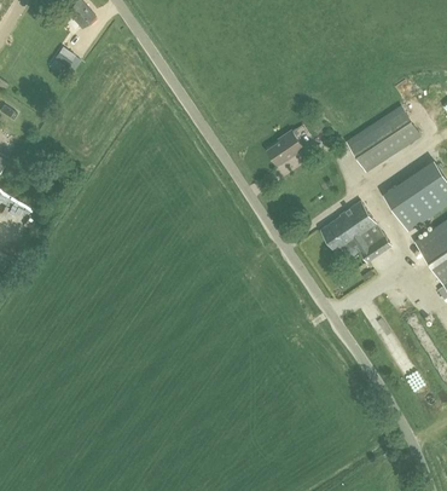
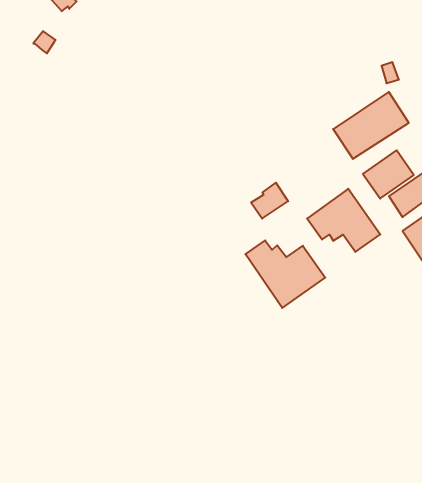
building: [267,131,303,166] -> [251,183,288,219]
building: none -> [245,240,325,308]

